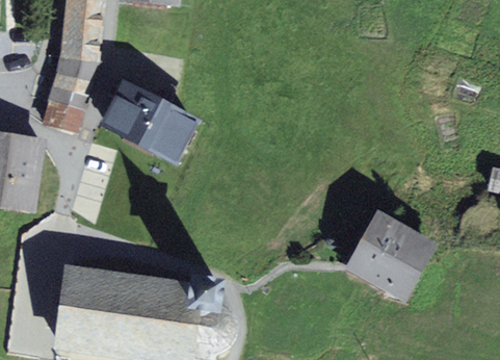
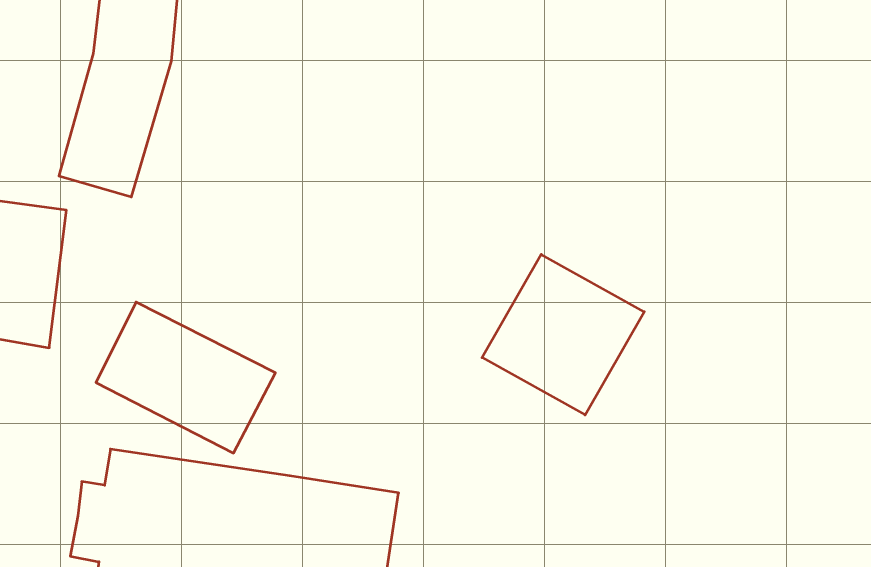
building: [99,83,196,165] -> [96,302,275,453]
building: [348,208,437,295] -> [482,254,644,415]

